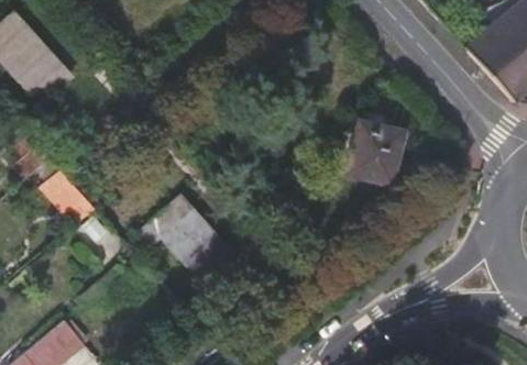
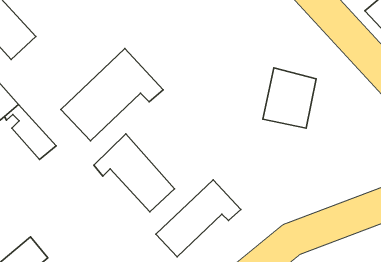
building: none -> [61,48,163,141]
building: none -> [156,180,241,257]

